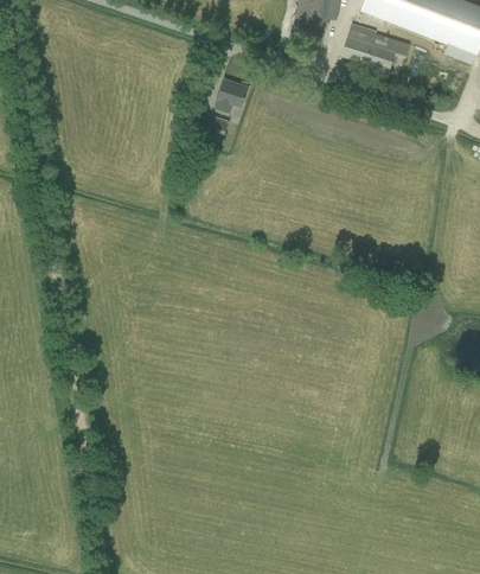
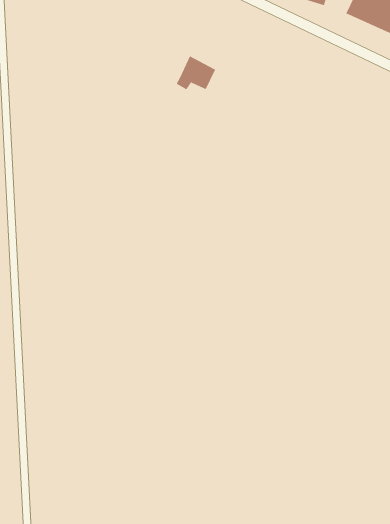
building: [216,77,249,109] -> none

